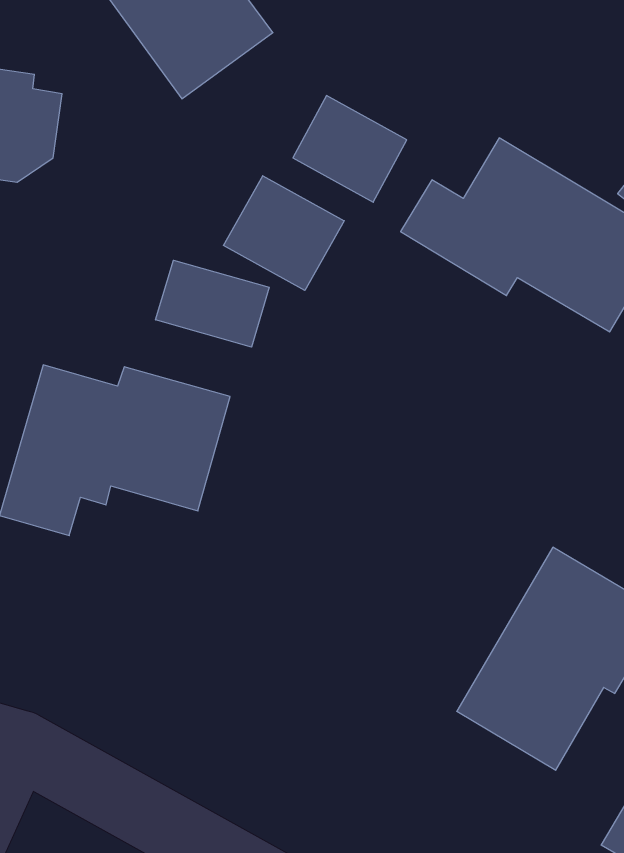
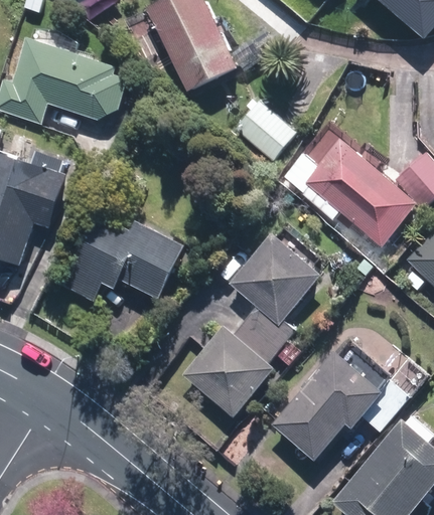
building: [223,176,344,290] -> none
building: [156,260,269,347] -> none
building: none -> [182,232,321,415]

